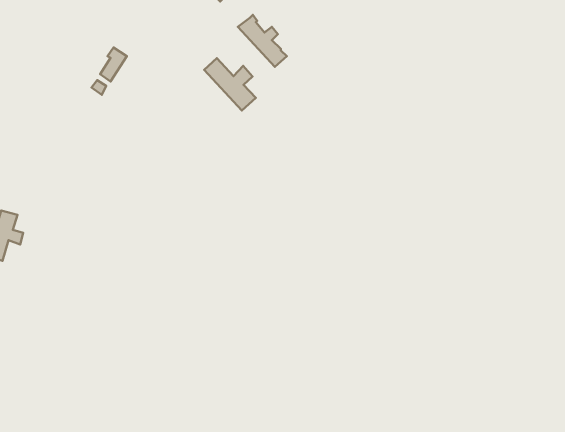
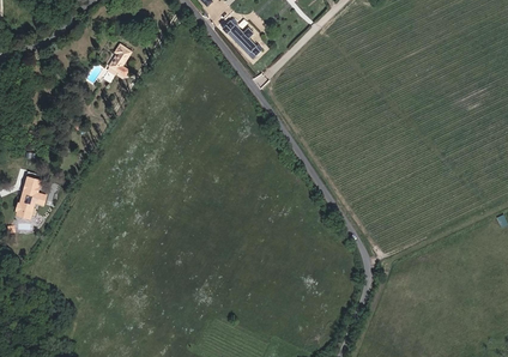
building: [204,58,256,110] -> none

